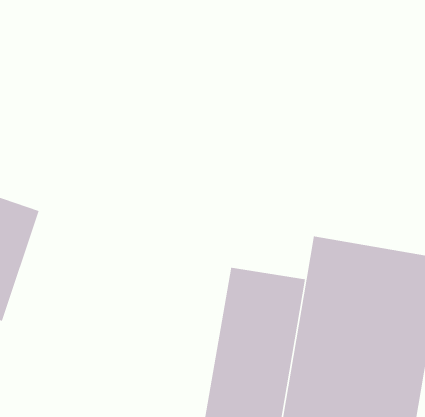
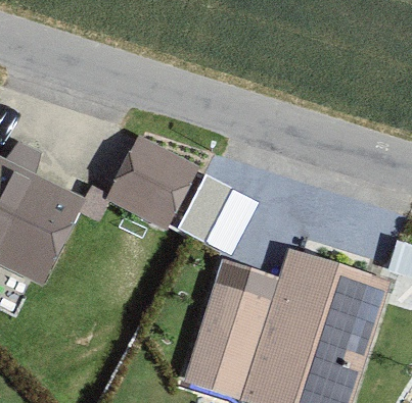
building: none -> [106,139,194,224]
building: none -> [174,173,257,255]

